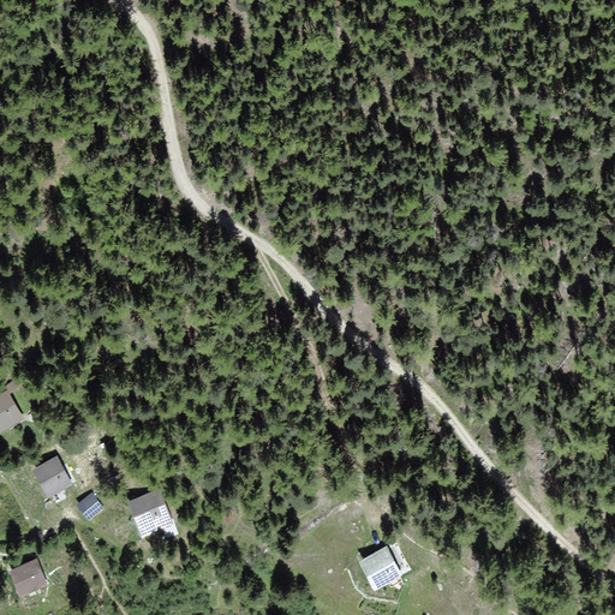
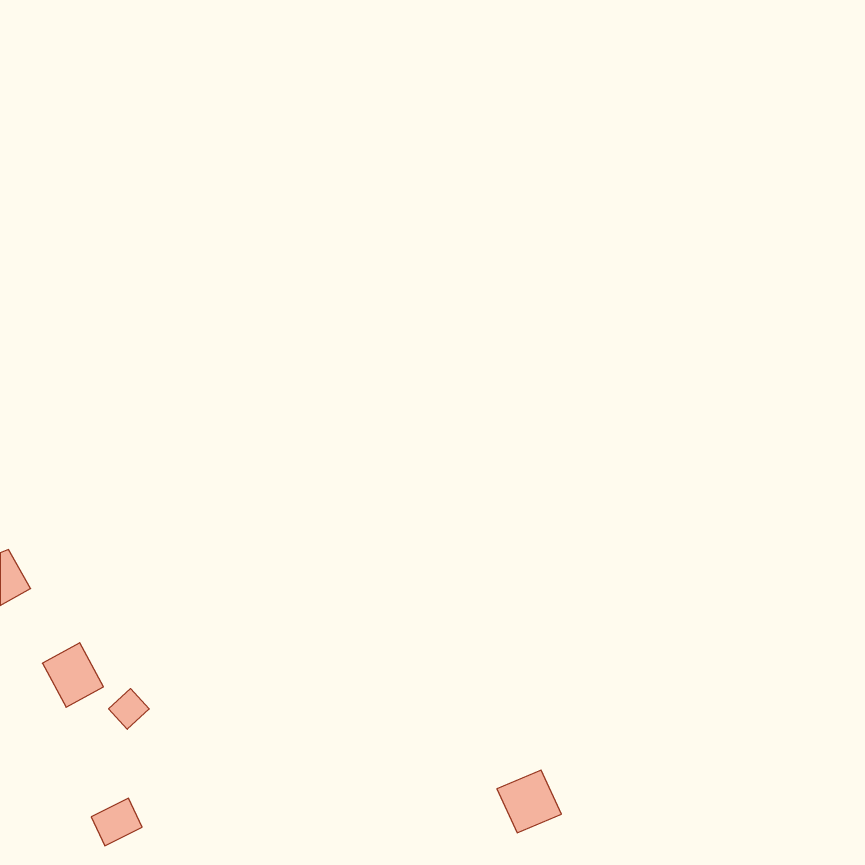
building: [125,489,172,533] -> none
building: [11,561,47,595] -> [91,798,142,846]

